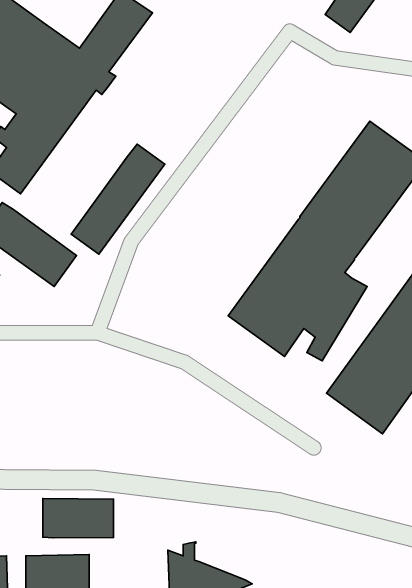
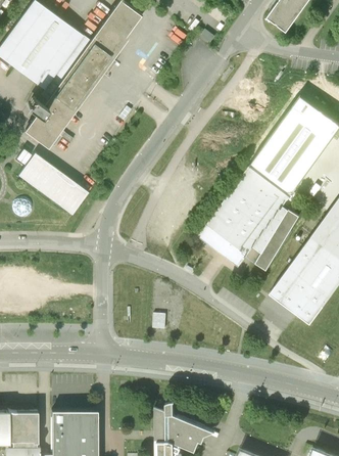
building: [71,144,165,254] -> none
building: [43,499,114,538] -> none

